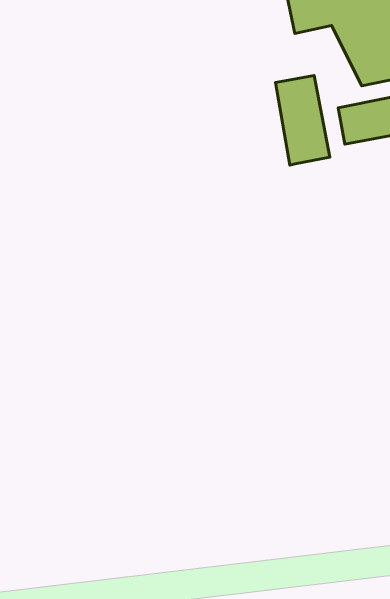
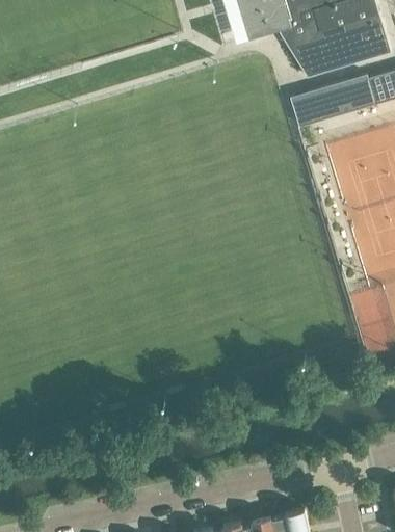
building: [276,75,330,165] -> none

